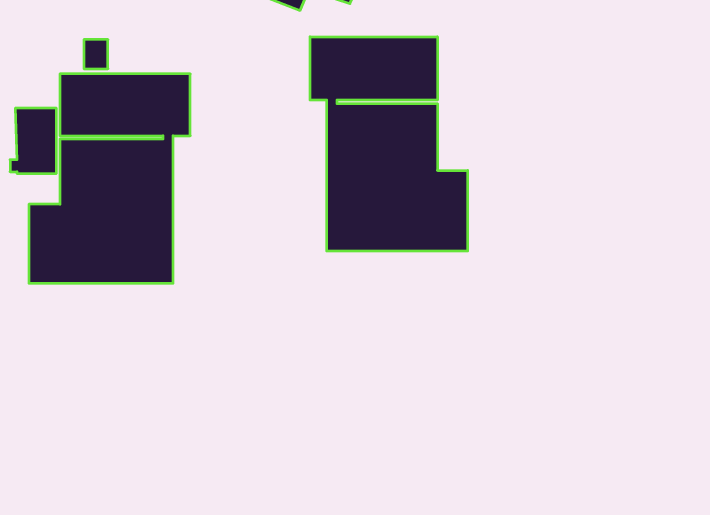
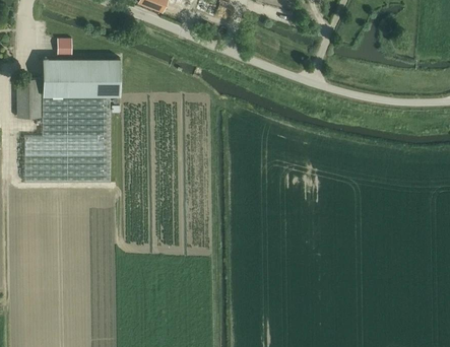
building: [310,37,468,251] -> none

